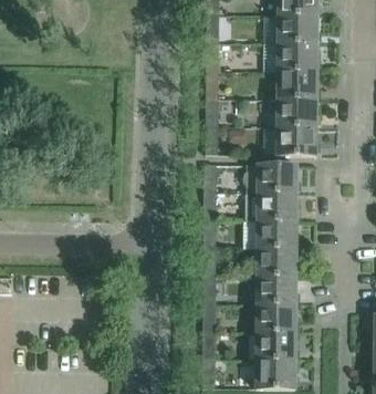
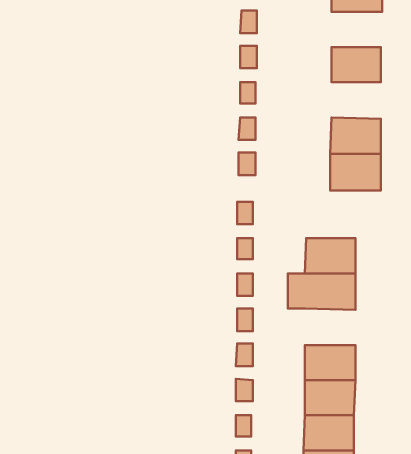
building: [278,13,317,41] -> none
building: [278,69,316,97] -> none
building: [243,163,297,191] -> none
building: [257,247,296,276] -> none

